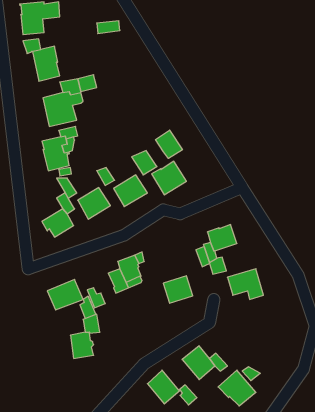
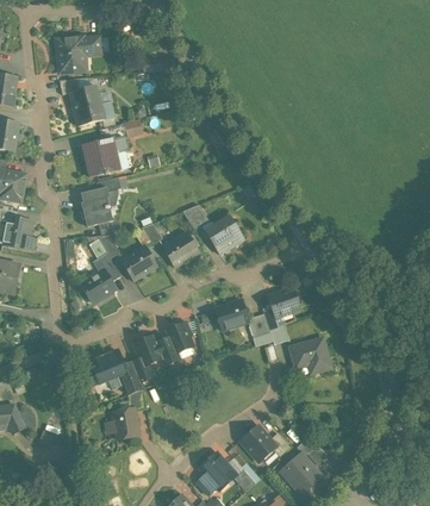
building: [156,130,182,158] -> none
building: none -> [132,335,162,366]
building: [163,276,193,303] -> [214,299,248,330]

